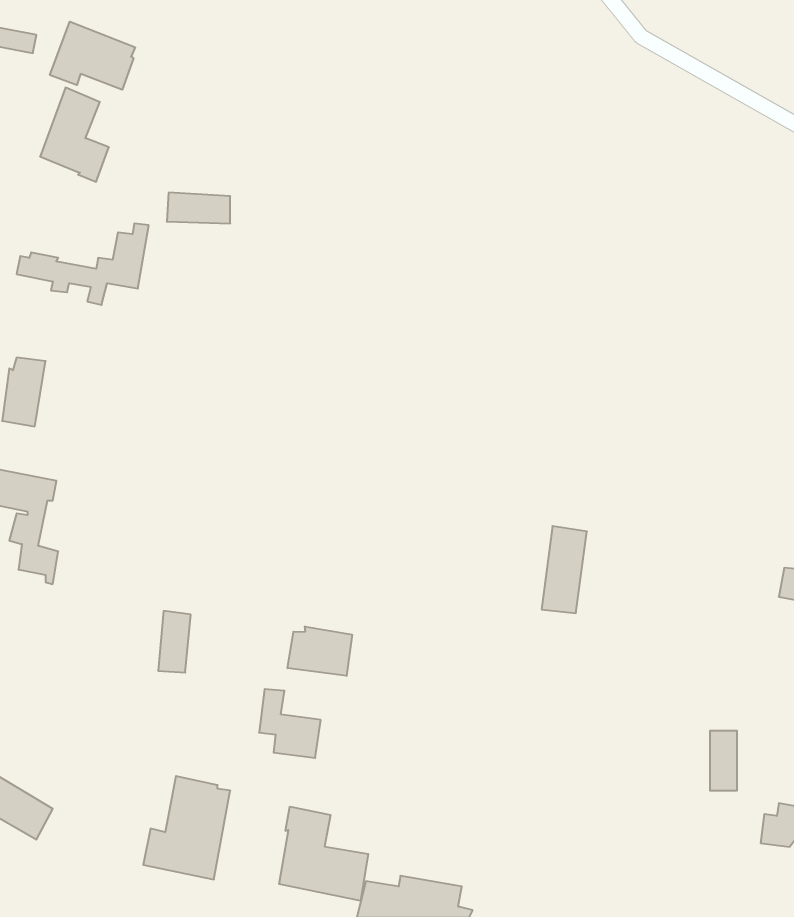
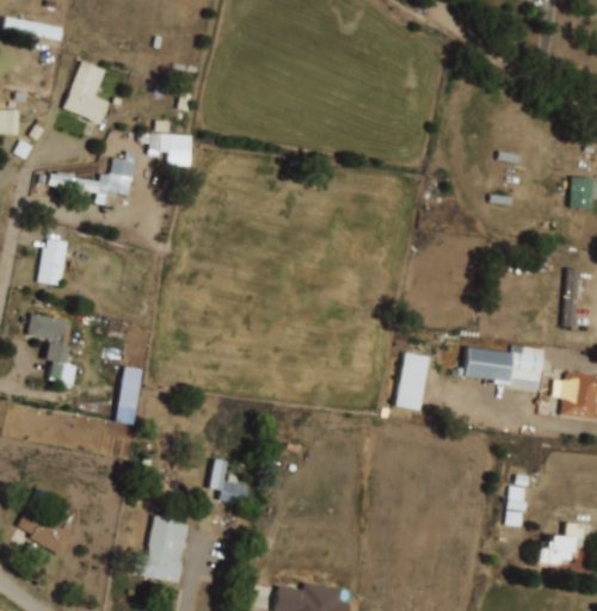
building: [50,22,135,90] -> none
building: none -> [463,344,543,387]
building: [158,611,191,673] -> [119,363,141,403]
building: [288,626,352,676] -> none
building: [279,807,368,901] -> none

